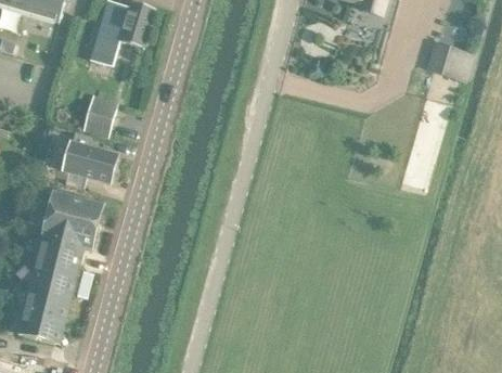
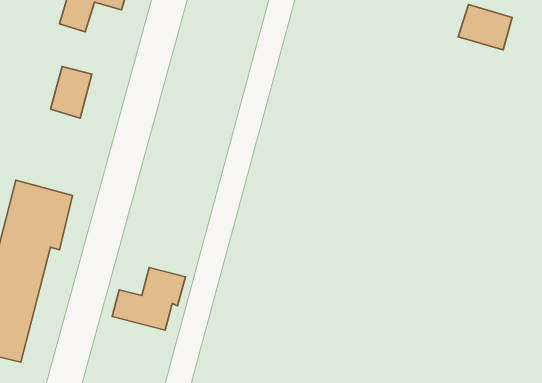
building: [61,131,115,182] -> none
building: none -> [112,268,186,330]

